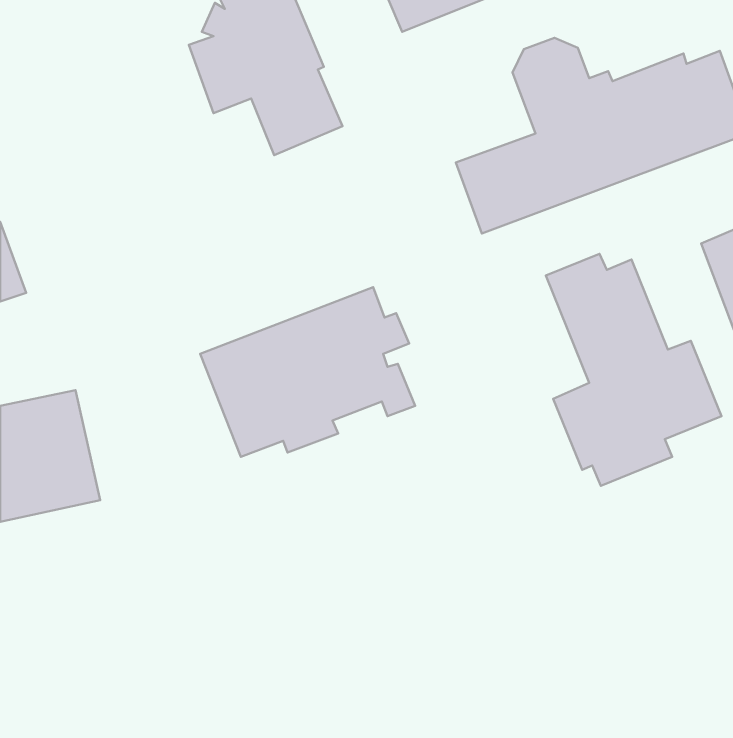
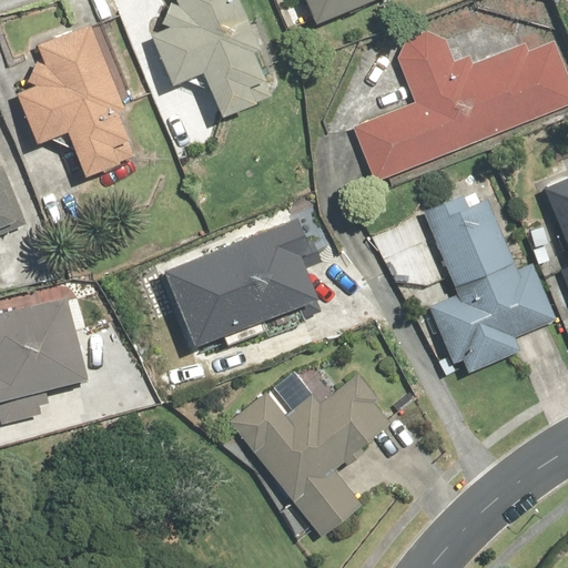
building: none -> [17,24,135,179]
building: none -> [231,372,393,535]

